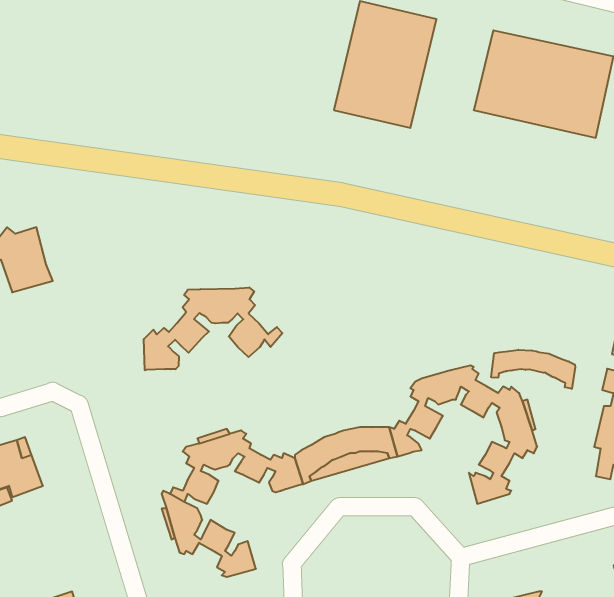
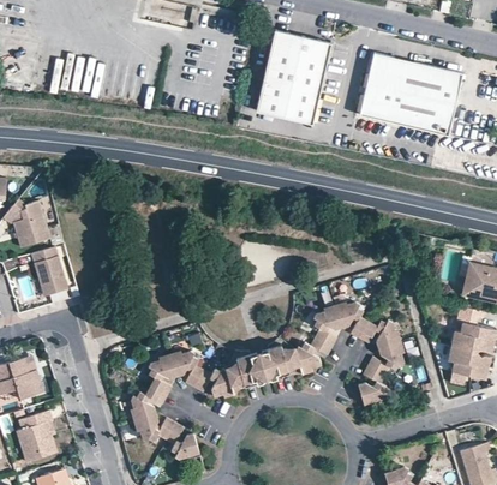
building: [144,287,282,370] -> none
building: none -> [29,246,66,294]
building: [491,350,575,389] -> none
building: none -> [17,409,56,461]

